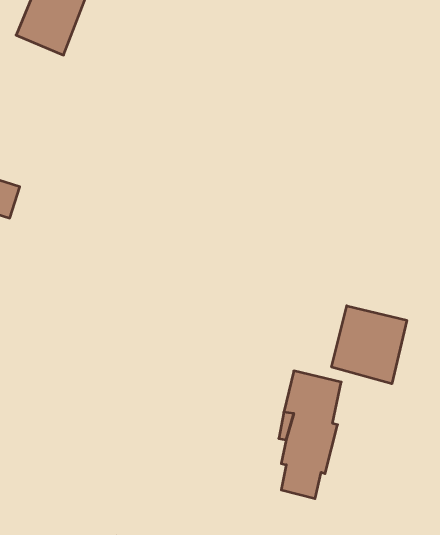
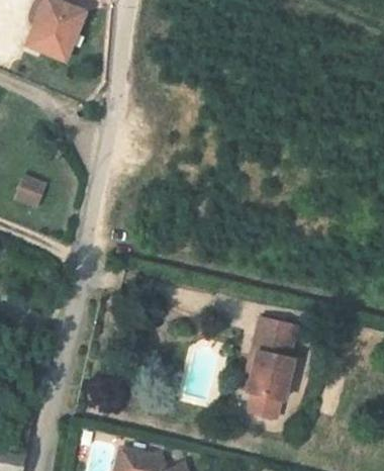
building: [332,306,407,384] -> none

